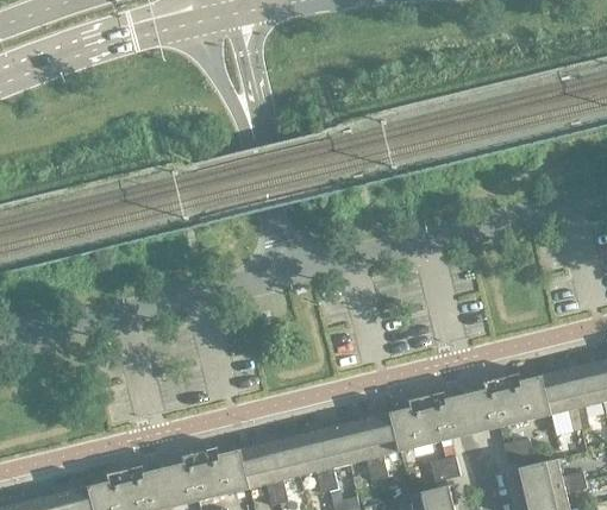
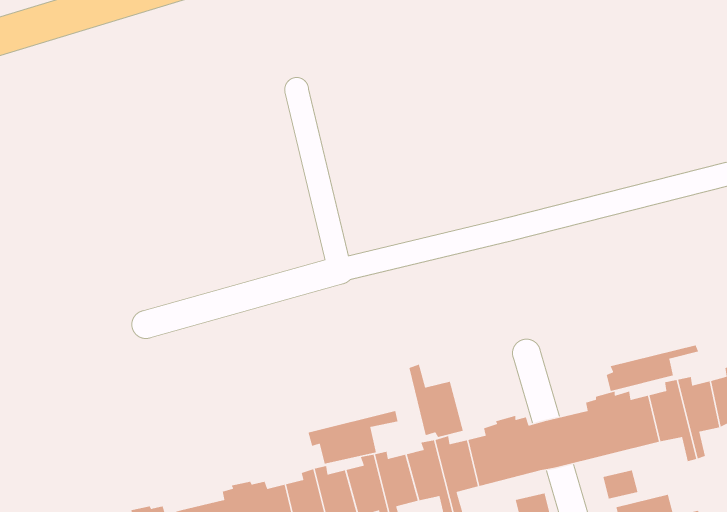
building: none -> [606,345,699,392]
building: none -> [409,364,464,438]
building: none -> [308,410,398,465]

